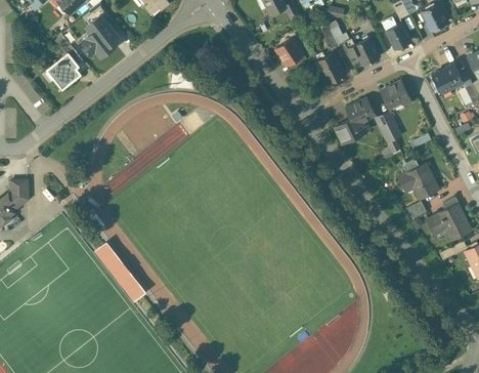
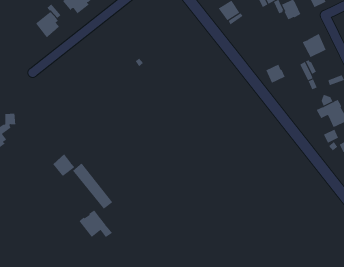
building: [316,53,344,83] -> none
building: [346,98,376,126] -> none
building: none -> [52,154,75,177]
building: none -> [79,210,113,238]

